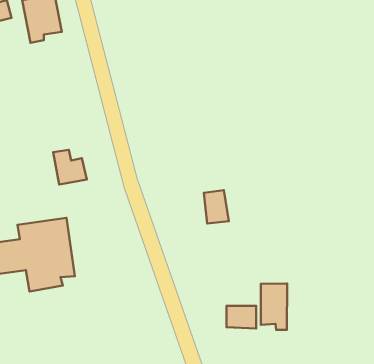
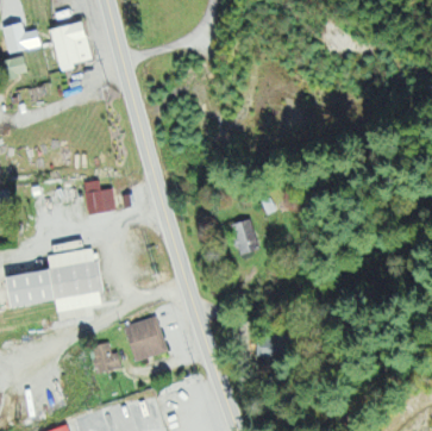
building: [261,284,287,330] -> none
building: none -> [125,316,167,360]
building: none -> [88,342,121,373]

